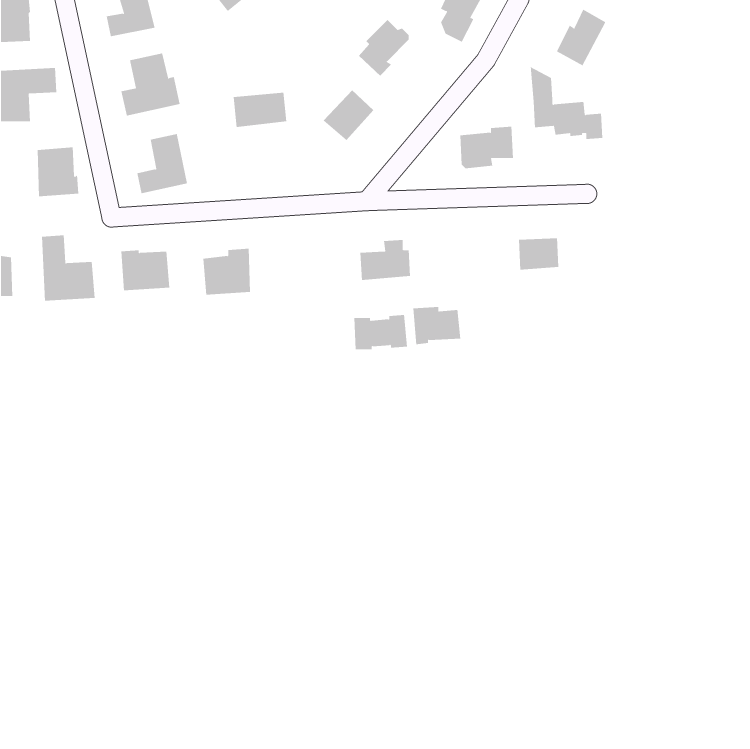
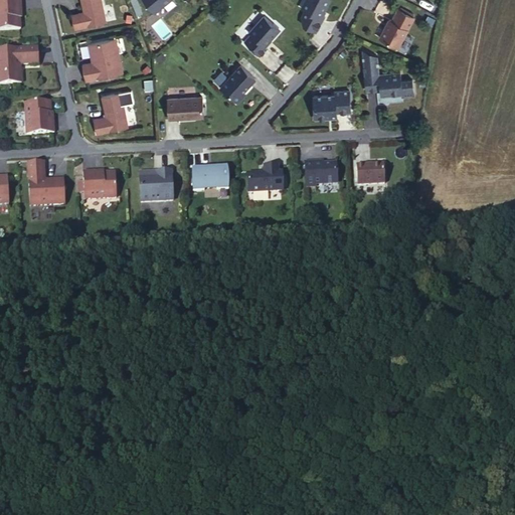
building: [233,92,287,128] -> [168,94,205,118]
building: [413,307,461,345] -> [303,160,336,186]
building: [353,315,408,350] -> [191,166,228,190]

